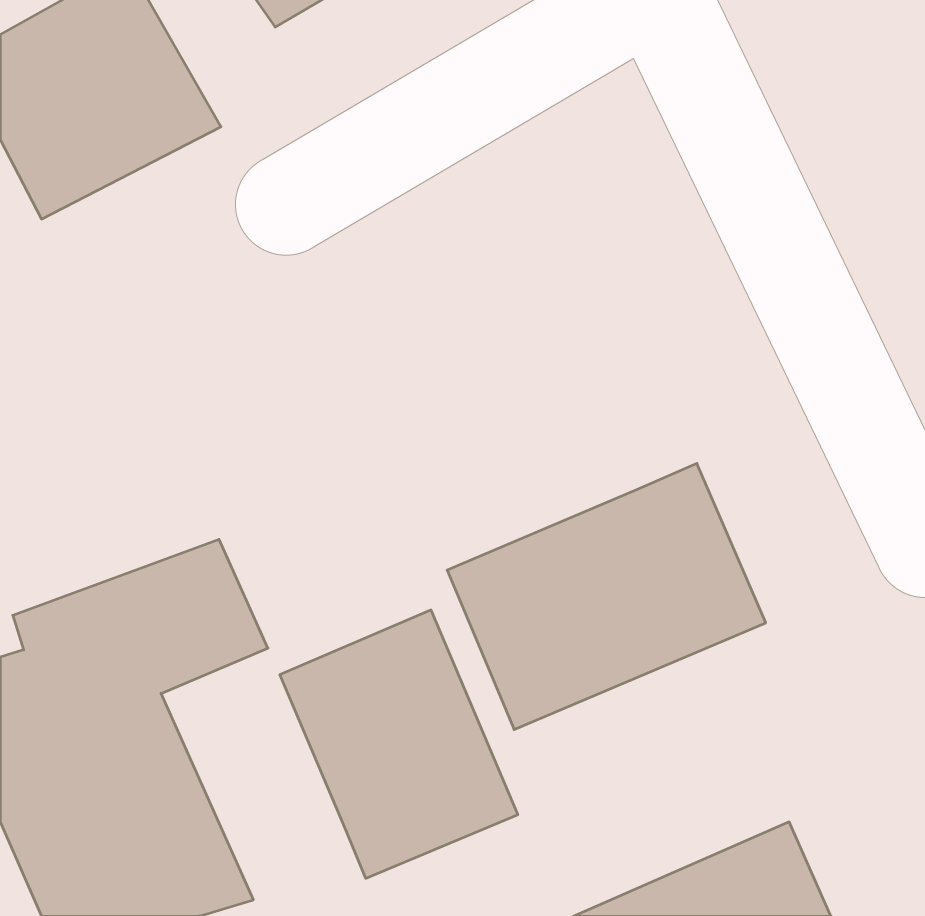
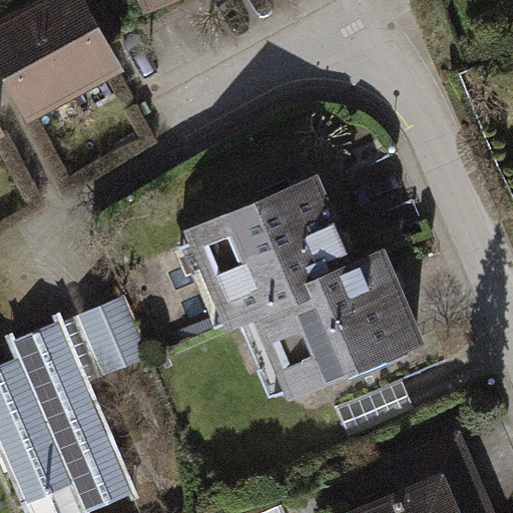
building: none -> [179,176,354,328]
building: [280,610,518,878] -> none

